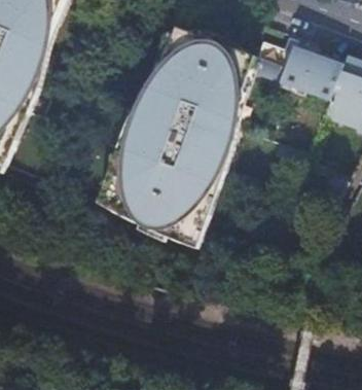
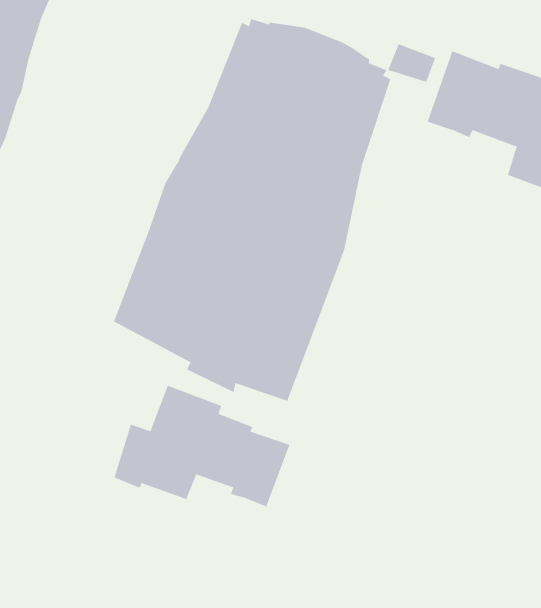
building: none -> [114,385,290,507]

